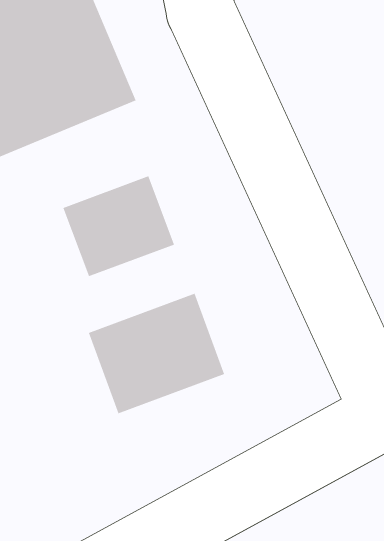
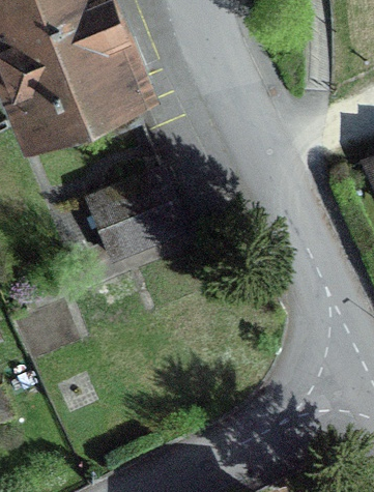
building: [88,293,225,414] -> none

